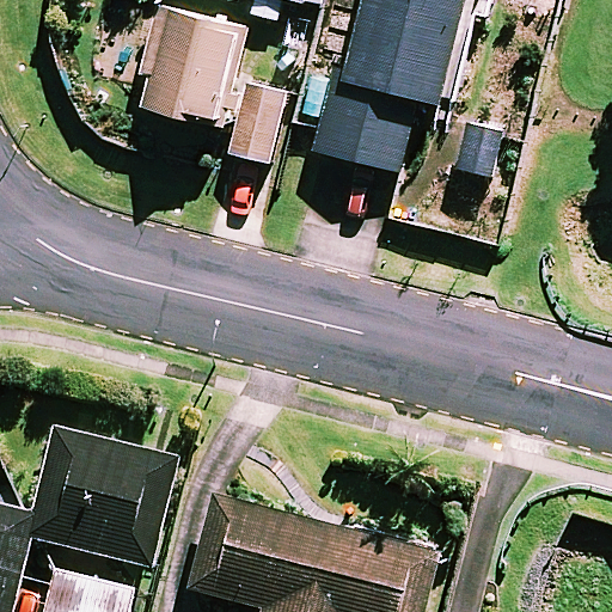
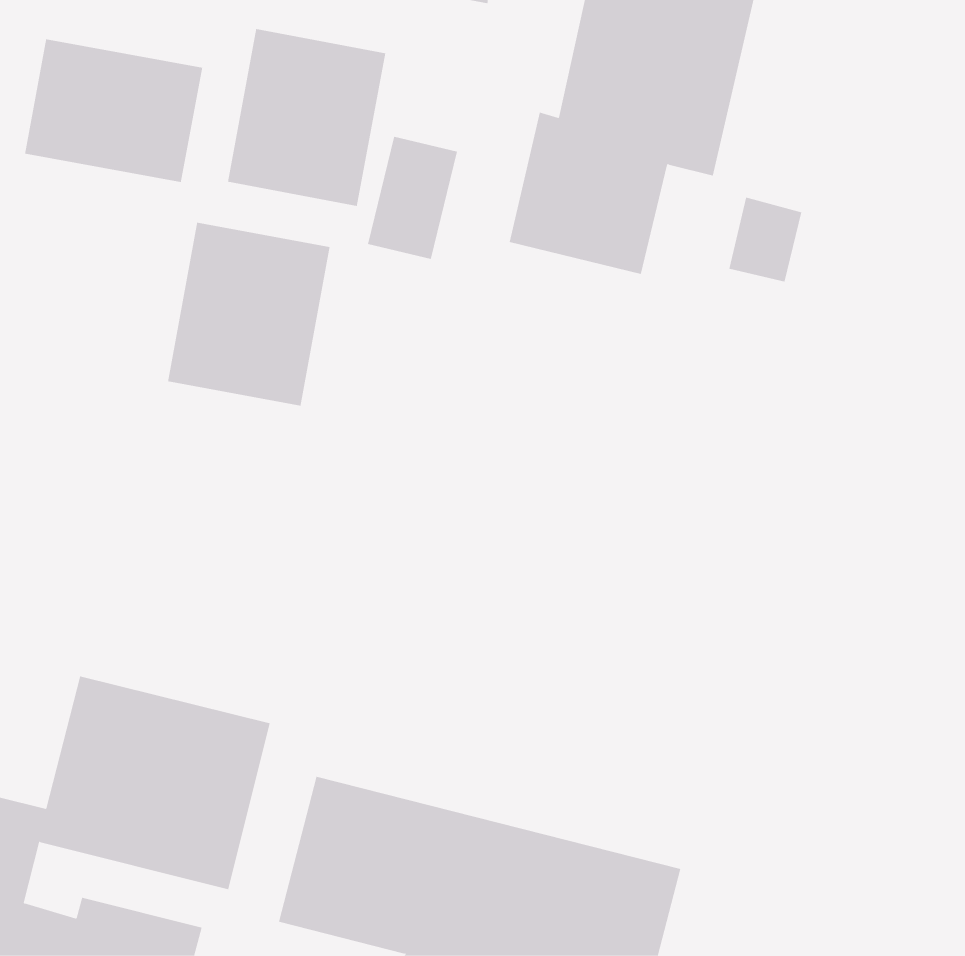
building: none -> [25,38,203,183]
building: none -> [168,222,330,407]

